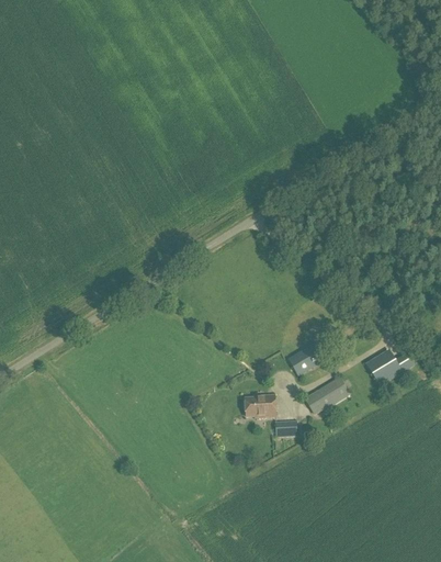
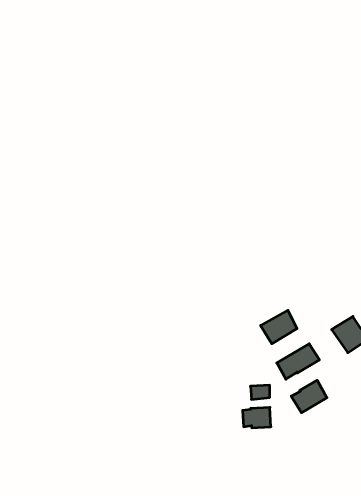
building: [245,395,275,417] -> [243,407,271,428]
building: none -> [291,380,327,413]

